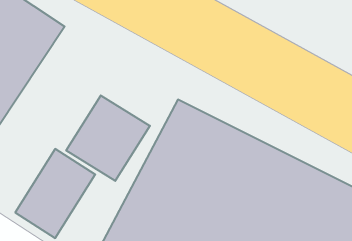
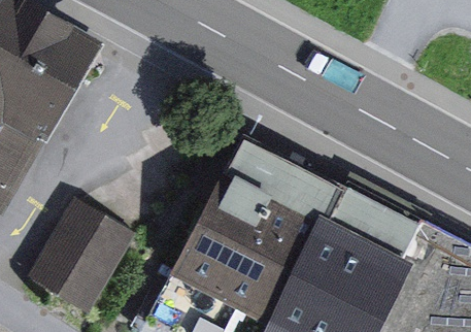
building: [66,95,150,181] -> none

